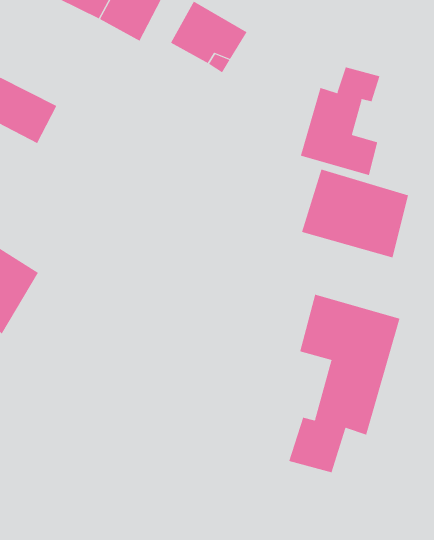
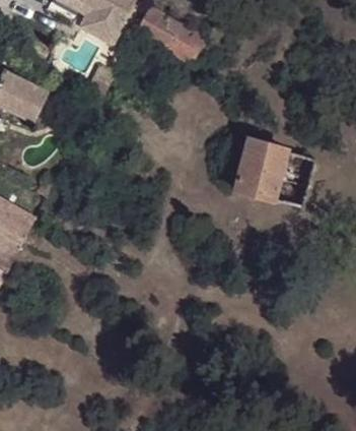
building: [300,66,380,176] -> none
building: [289,294,400,473] -> none

